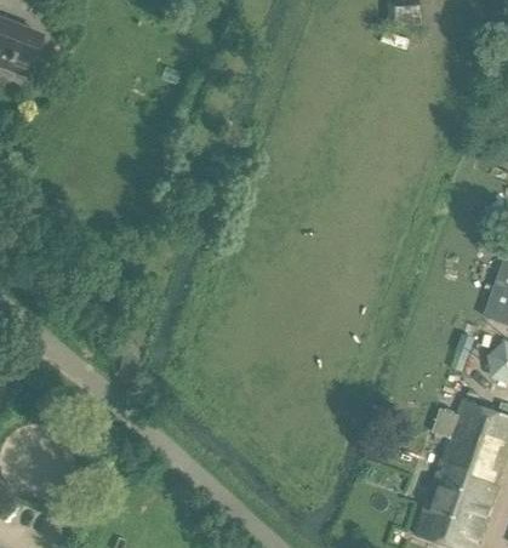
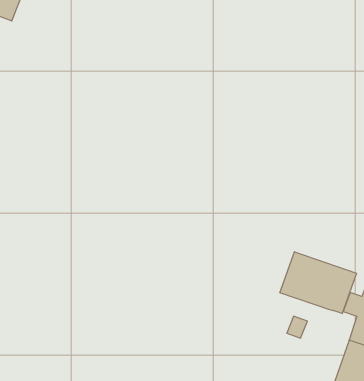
building: none -> [280,252,356,314]

